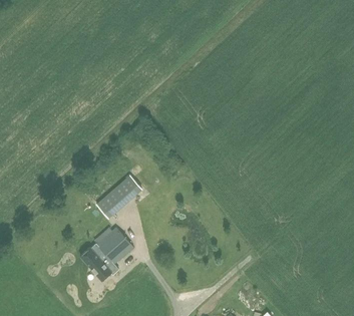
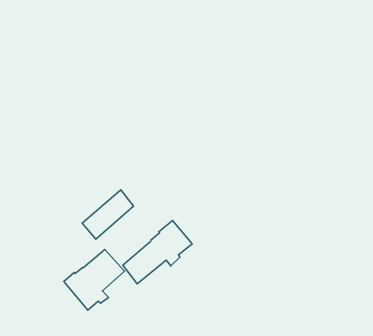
building: none -> [123,221,192,284]

